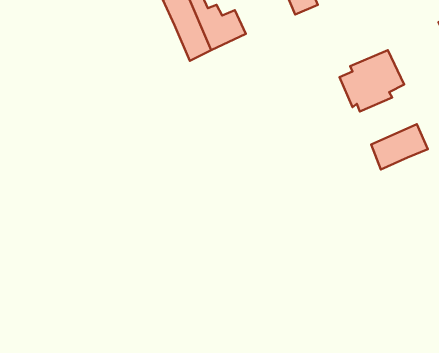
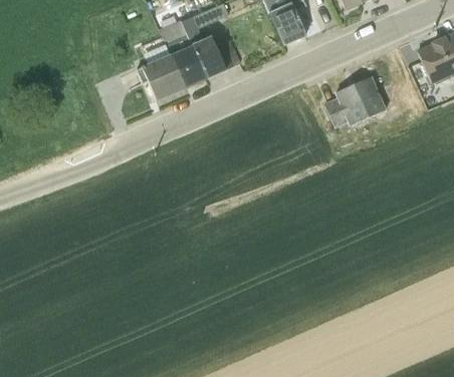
building: none -> [142,54,186,99]
building: [371,124,428,170] -> none

